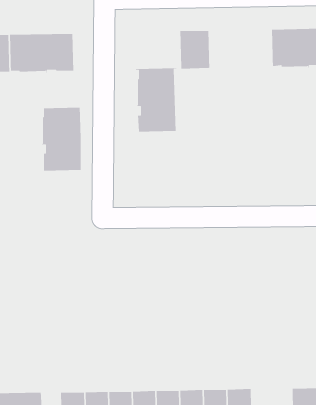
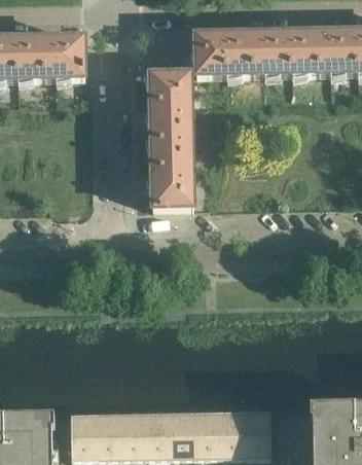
building: none -> [225,32,291,75]
building: [40,107,81,172] -> [149,139,192,207]

